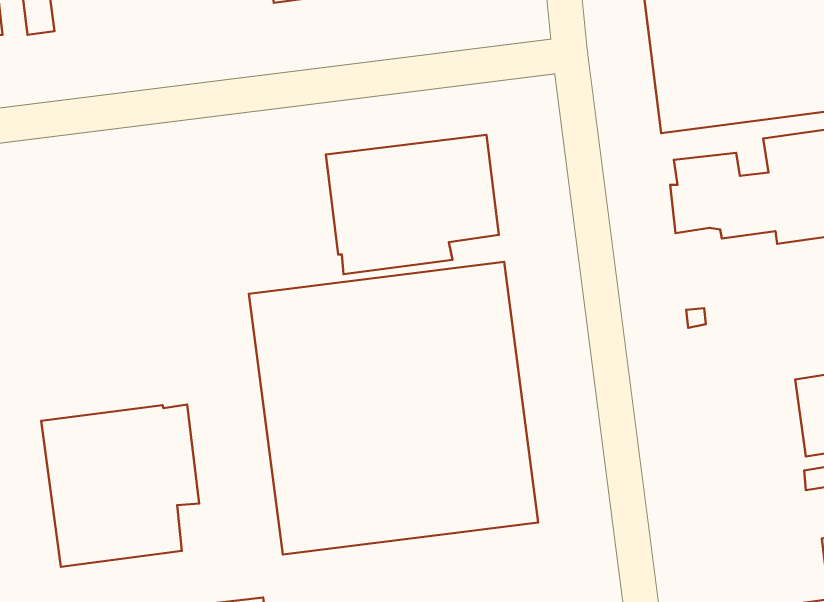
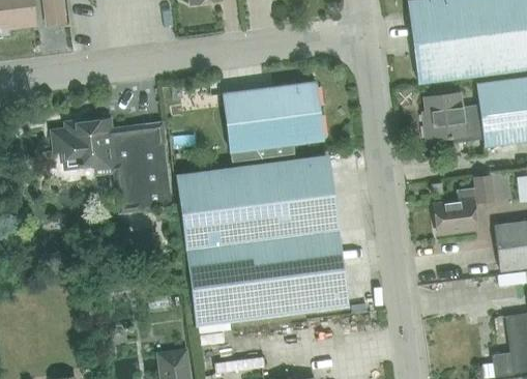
building: none -> [52,118,171,211]
building: none -> [434,175,495,233]
building: [41,405,199,567] -> none

